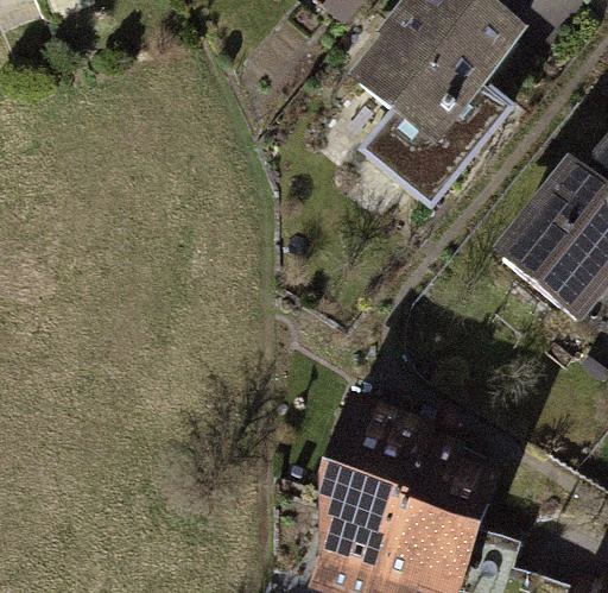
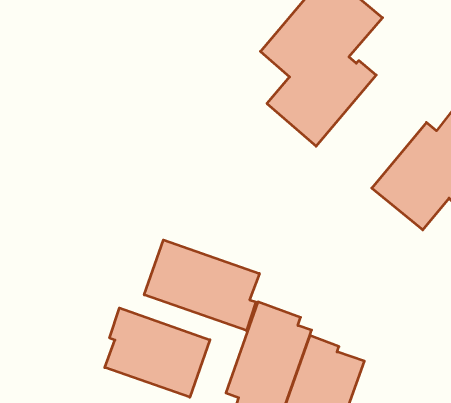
building: none -> [144,240,259,331]
building: none -> [105,308,210,397]

